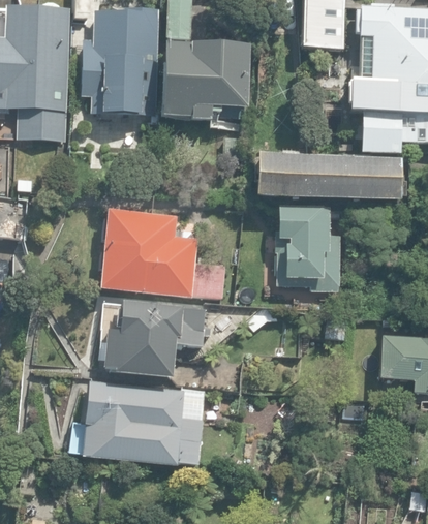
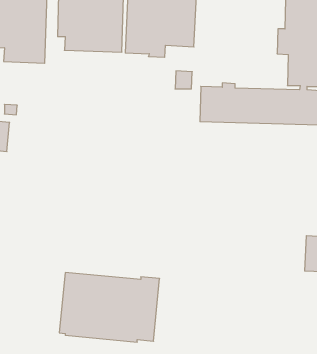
building: [274,207,340,295] -> none
building: [93,209,223,295] -> none
building: [104,299,212,381] -> none

